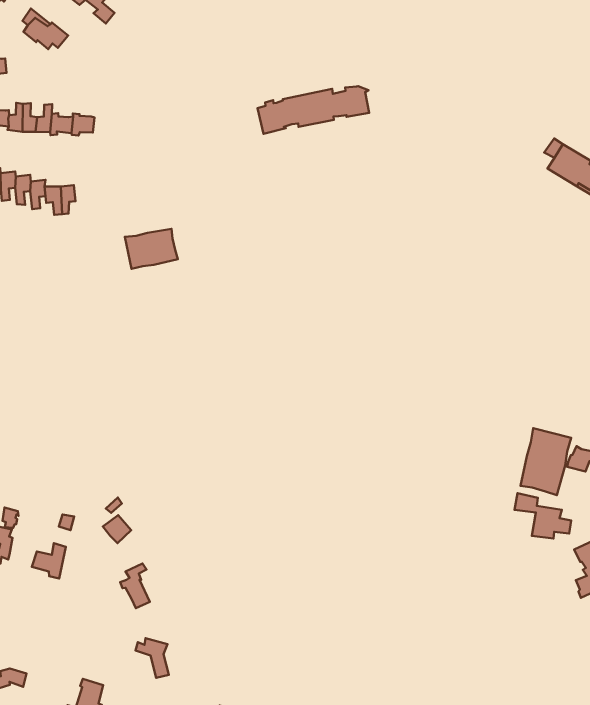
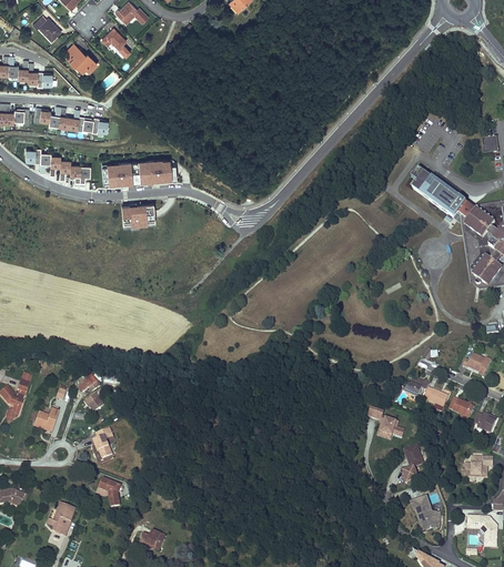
building: [258,86,369,134] -> [101,160,178,185]
building: [520,428,571,495] -> none

